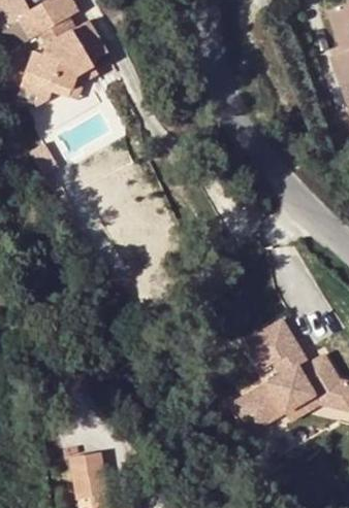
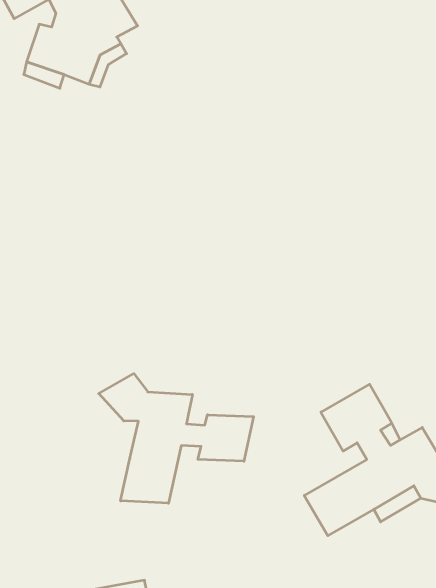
building: none -> [99,374,254,503]

